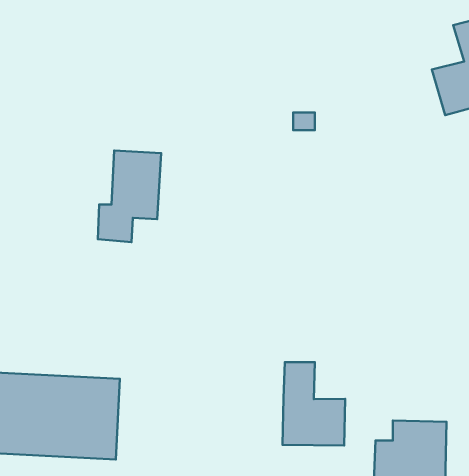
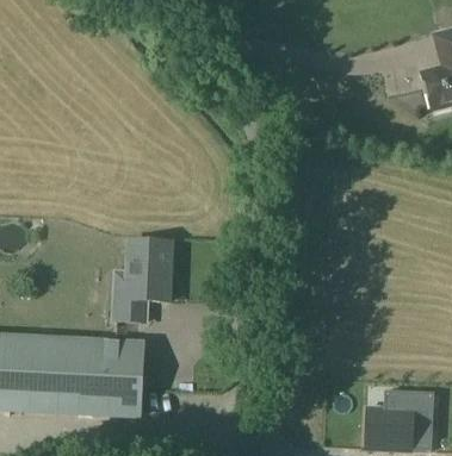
building: [98,151,161,242] -> [113,241,169,321]
building: [282,362,345,445] -> none

